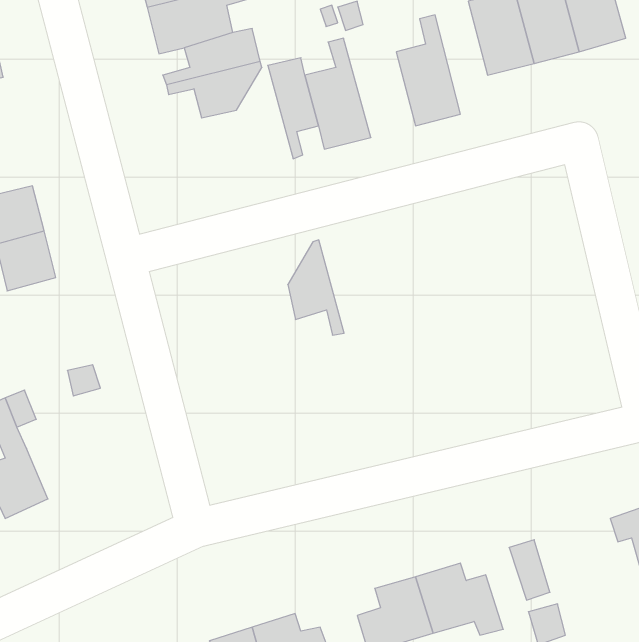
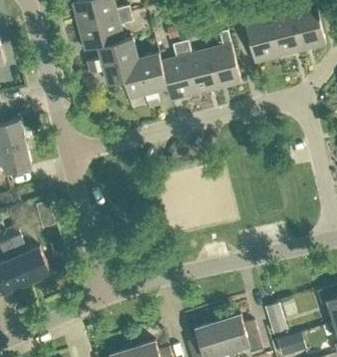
building: none -> [181,41,218,94]
building: [288,240,344,335] -> [125,57,154,106]
building: none -> [17,245,50,281]

